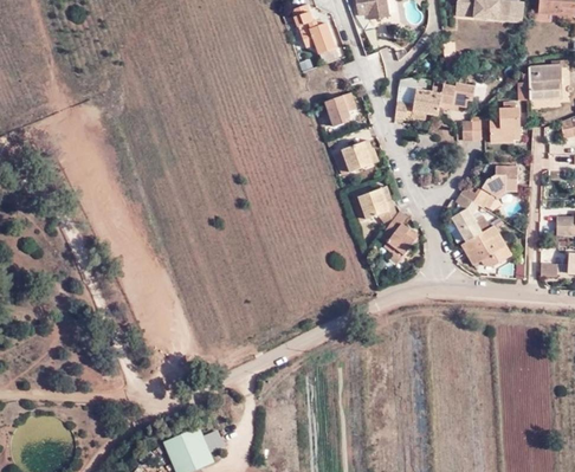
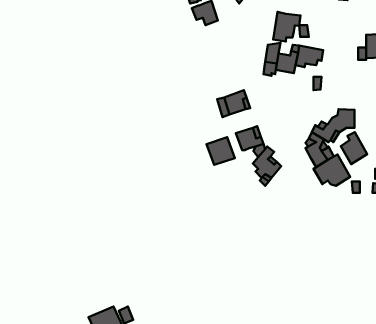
building: none -> [273,12,301,42]
building: [325,93,357,129] -> none
building: [491,109,522,143] -> none
building: none -> [341,132,367,164]
building: none -> [207,137,235,165]

